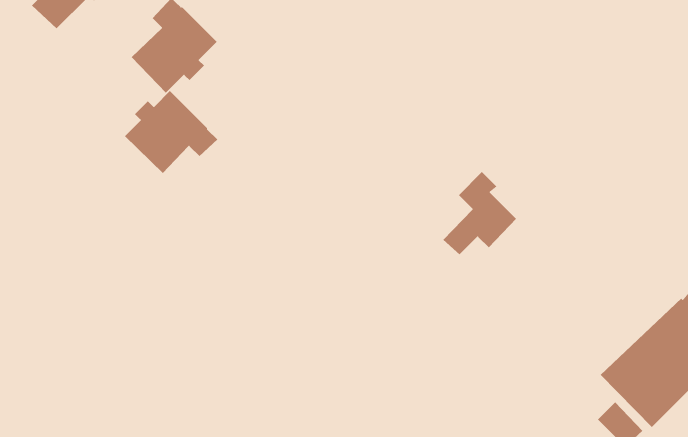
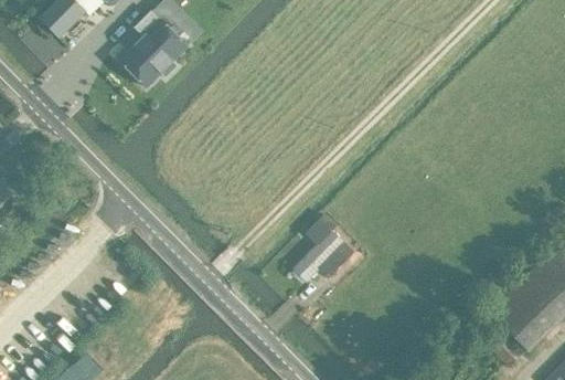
building: [124,90,218,174] -> none
building: [443,171,517,255] -> [292,214,351,281]

